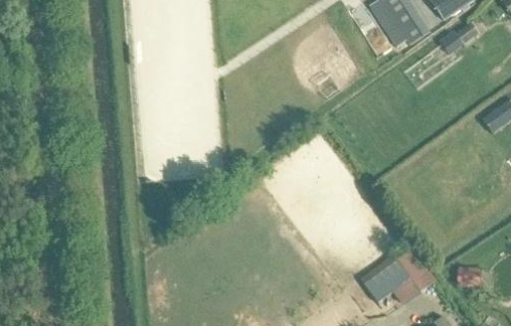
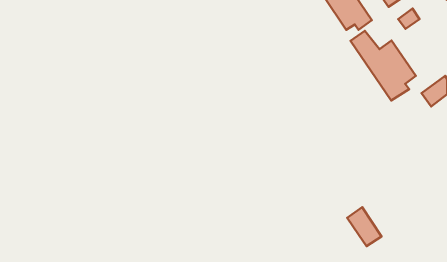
building: none -> [351,31,416,101]
building: [363,260,409,301] -> none

